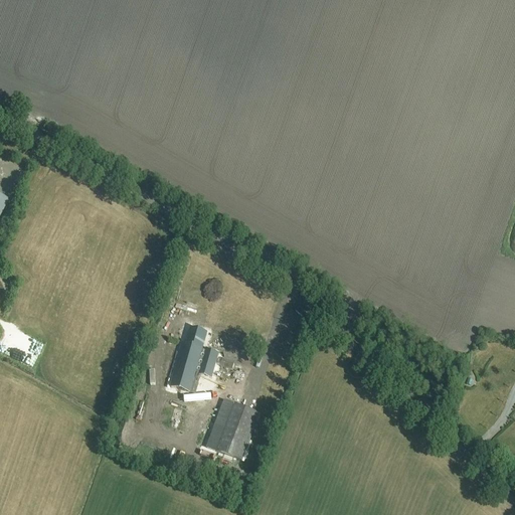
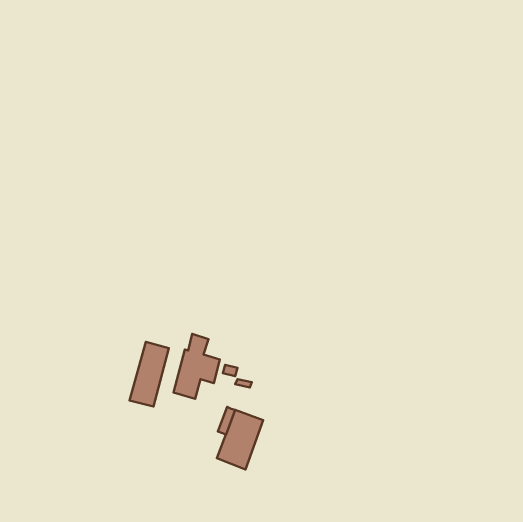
building: none -> [130,342,169,406]

